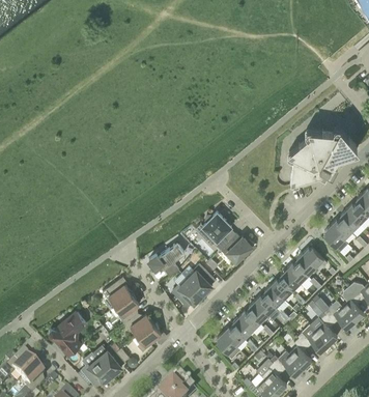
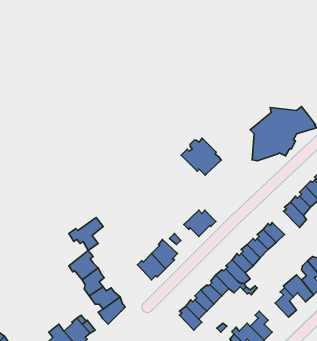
building: [195,212,236,251] -> [181,138,221,175]
building: [149,244,184,278] -> [69,217,103,251]
building: [49,313,86,356] -> none
building: [297,325,329,353] -> none

